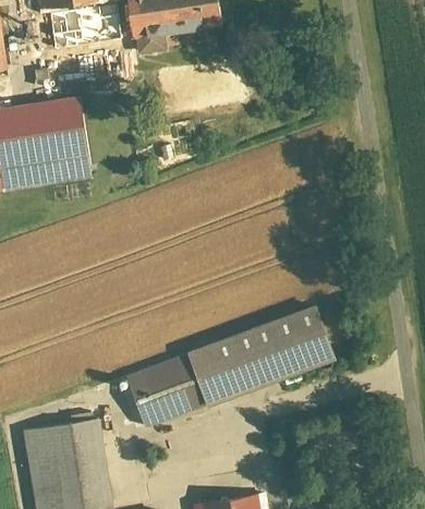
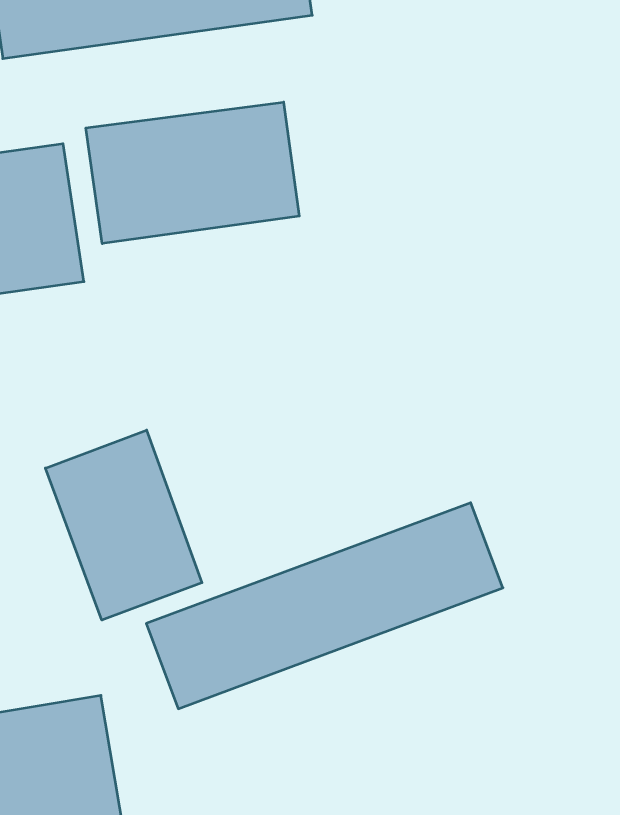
building: none -> [86,102,299,244]
building: none -> [45,430,202,620]

